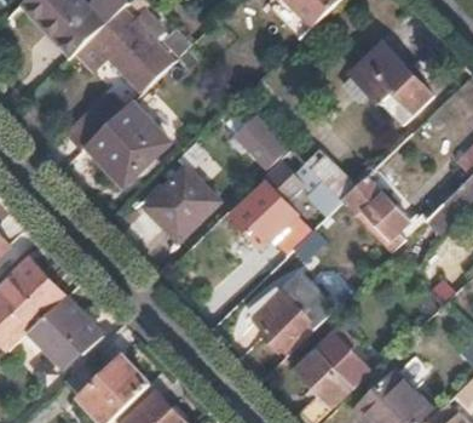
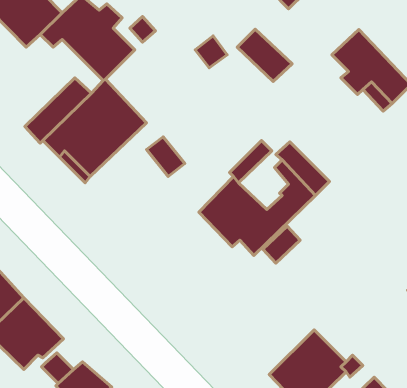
building: [233,115,285,165] -> [237,29,292,82]
building: [144,168,218,242] -> none
building: [340,177,408,252] -> none
building: [250,270,336,355] -> none

